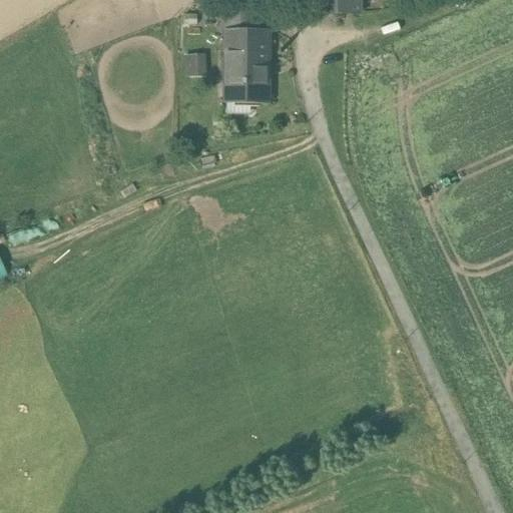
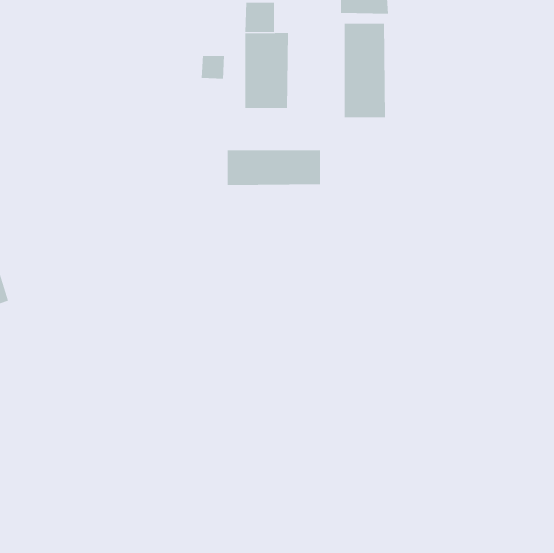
building: none -> [344,23,386,118]
building: none -> [227,149,320,186]

